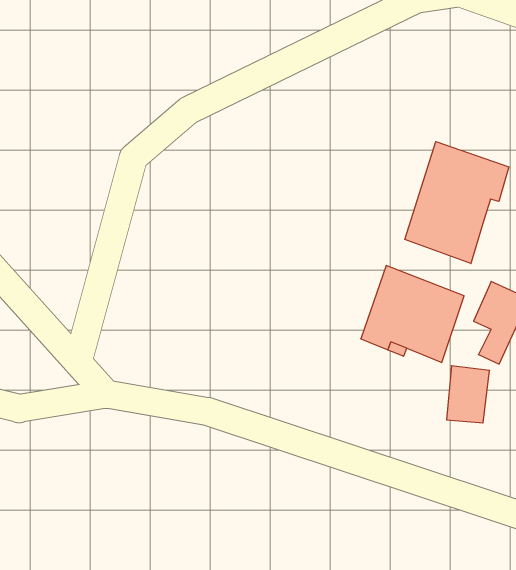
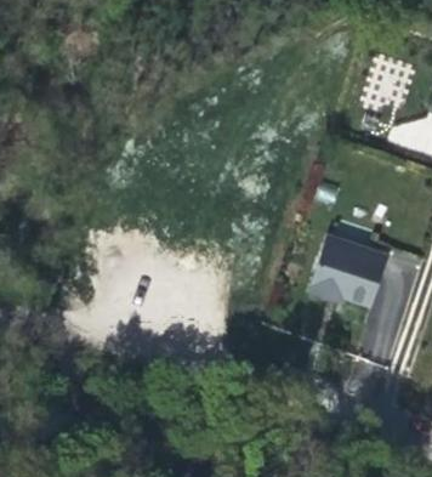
building: [405,142,509,264] -> none

